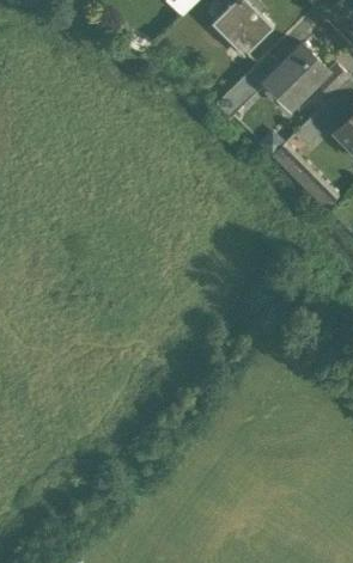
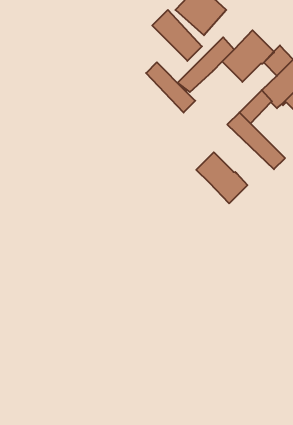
building: none -> [152,10,202,61]
building: none -> [146,62,195,113]
building: none -> [196,152,247,203]

